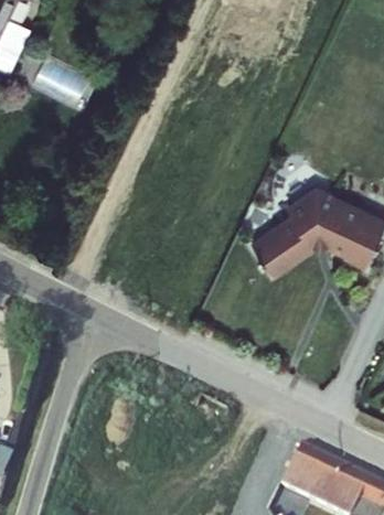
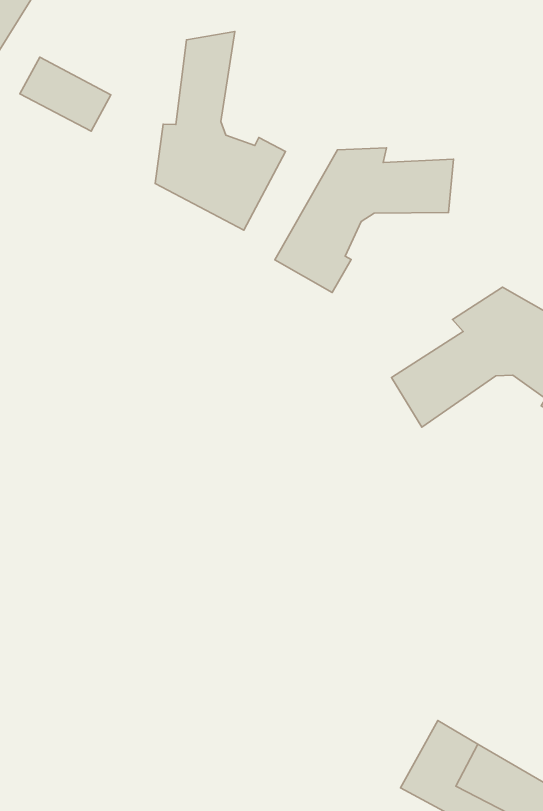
building: none -> [155,32,285,230]
building: none -> [275,148,453,293]

